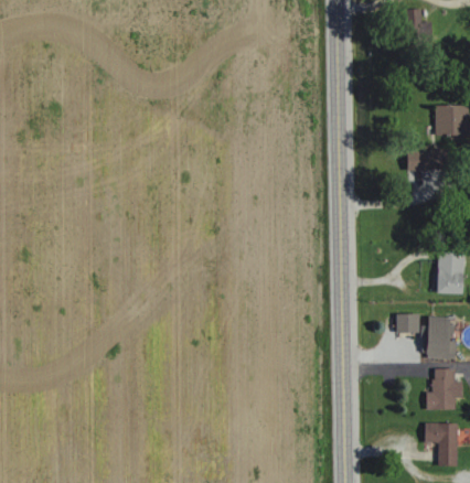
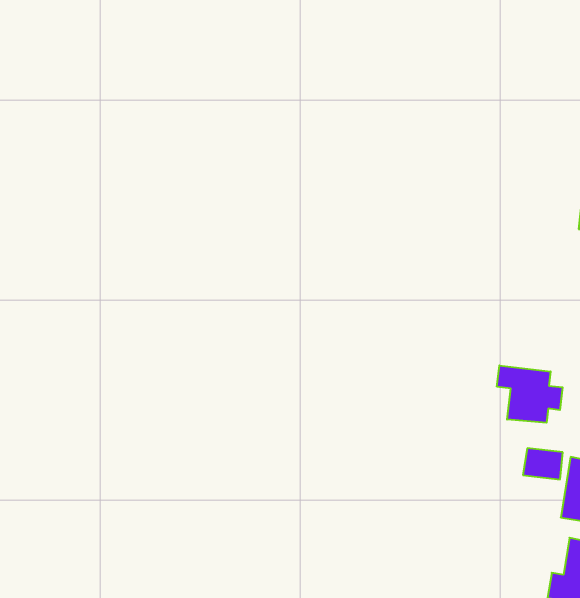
building: none -> [497,365,563,423]

